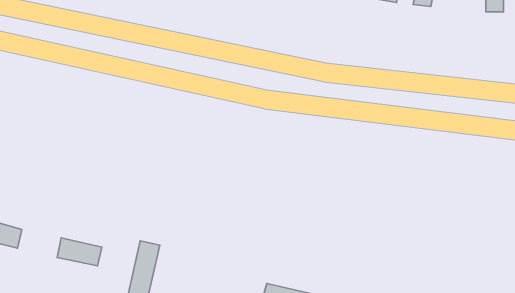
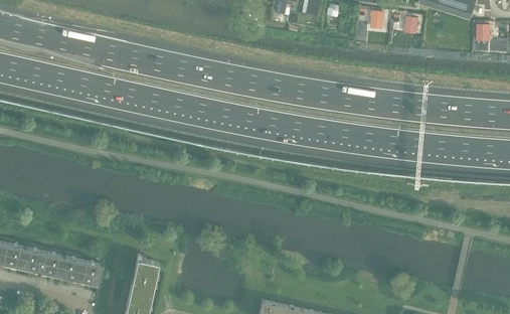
building: none -> [19,248,61,275]

